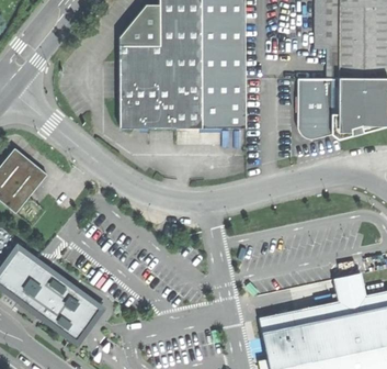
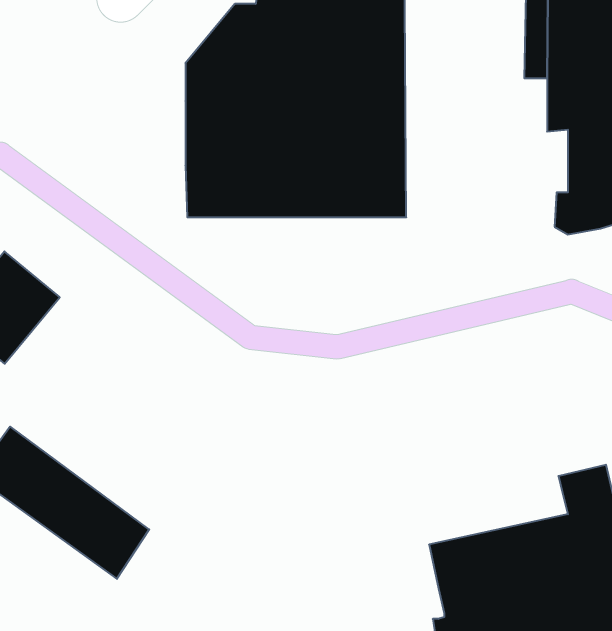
building: [298,78,339,138] -> none

